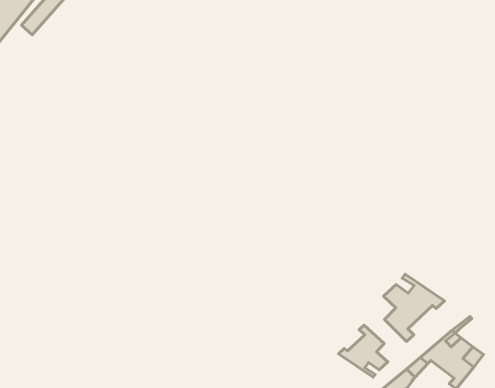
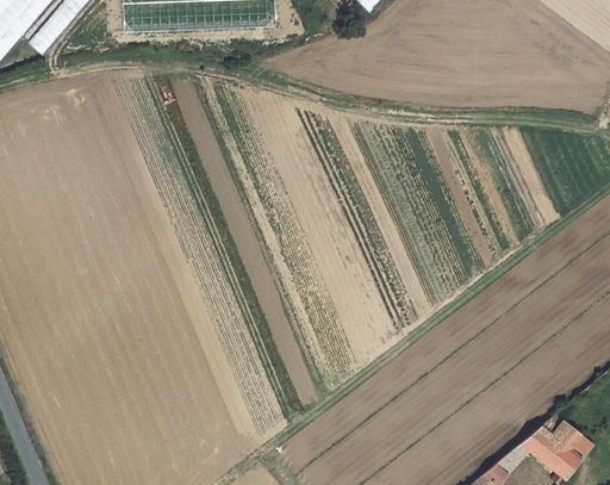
building: [384,274,445,341] -> none
building: [339,325,388,377] -> none

